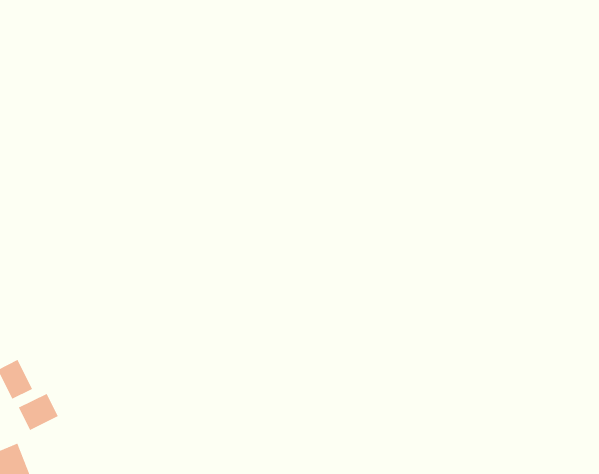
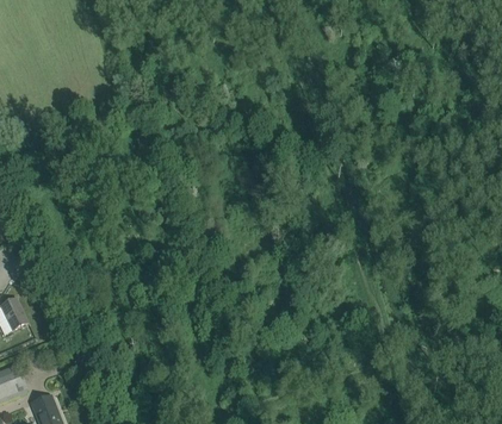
building: [18,393,58,431] -> none

